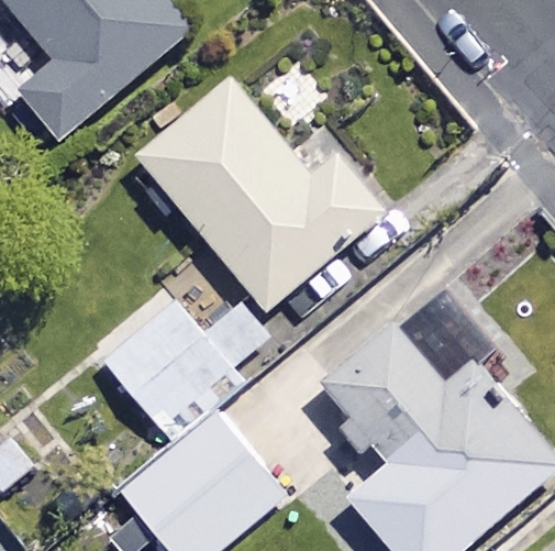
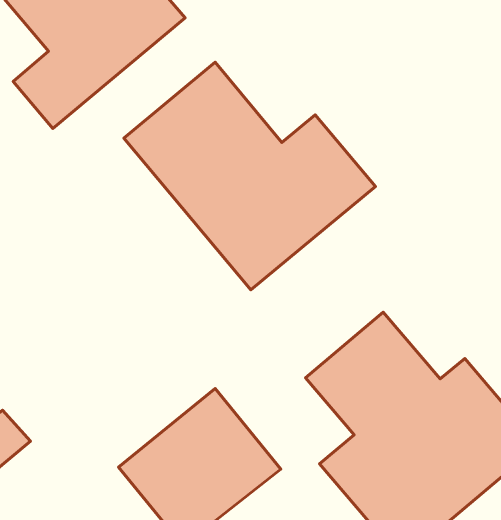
building: [103,296,268,439] -> none

